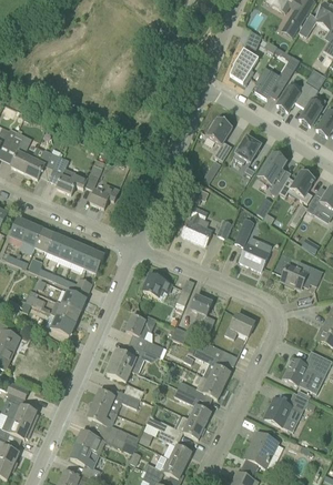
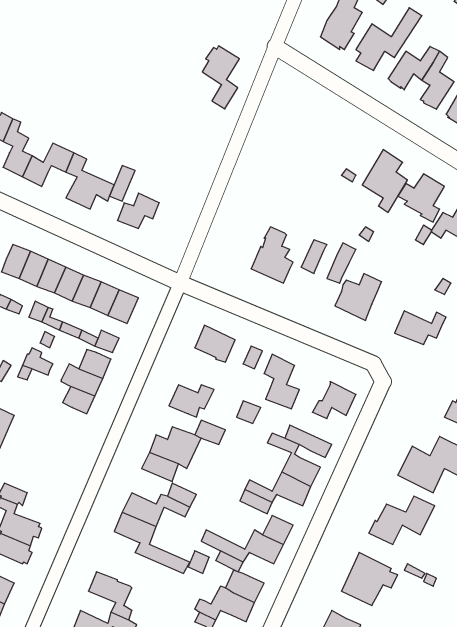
building: [206,118,232,161] -> [202,46,239,109]
building: [233,135,261,163] -> none
building: [75,431,135,454] -> none

